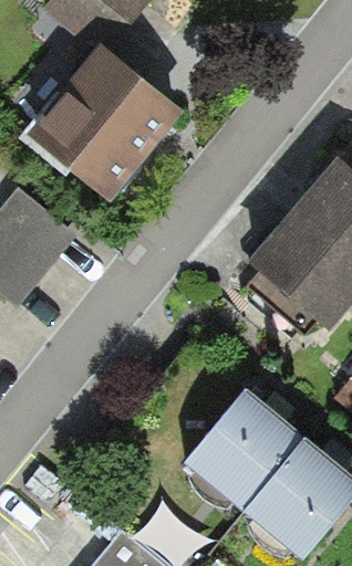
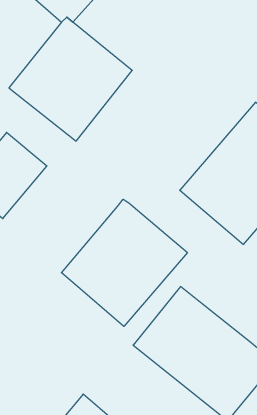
building: none -> [61,199,187,326]

